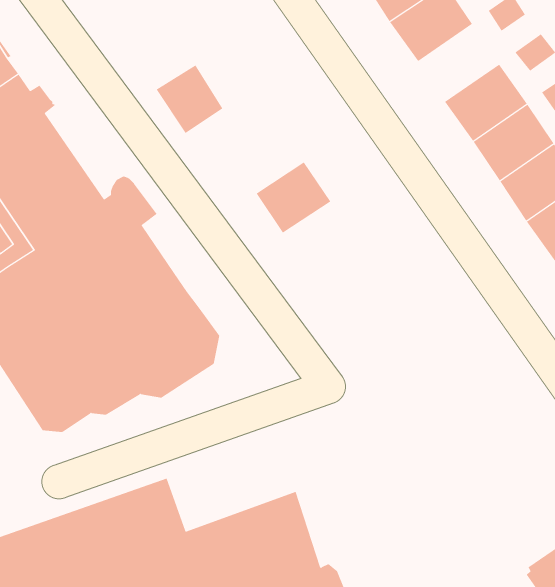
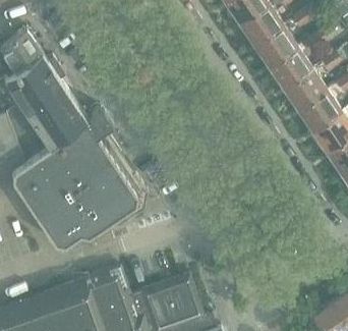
building: none -> [253,24,297,66]
building: [156,65,223,134] -> none
building: [256,162,331,234] -> none

